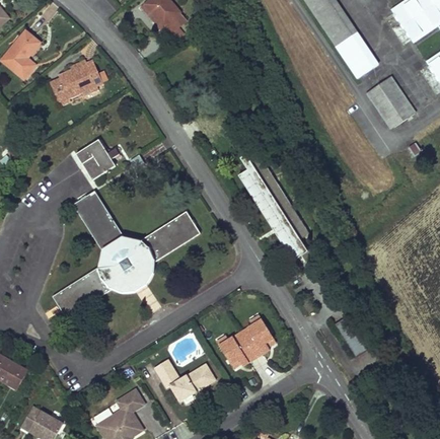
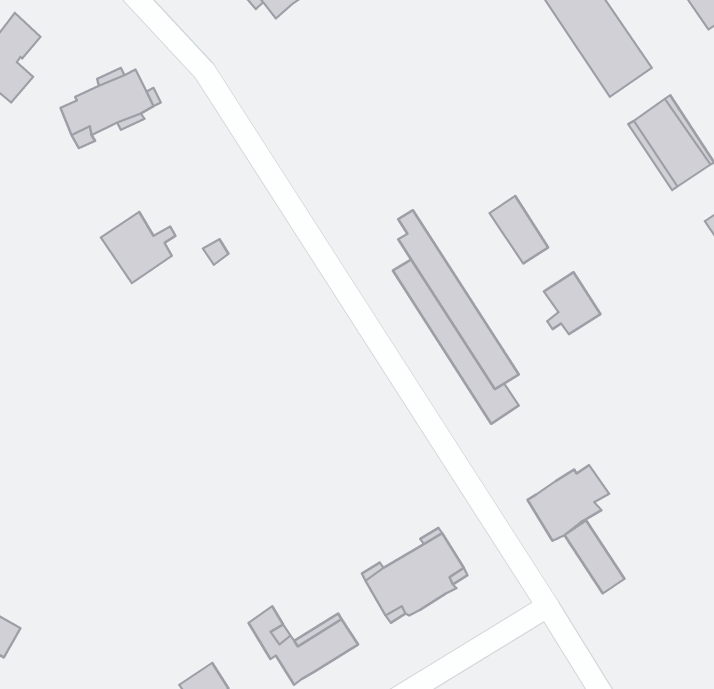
building: none -> [489,196,548,263]
building: none -> [544,272,600,334]
building: [53,191,200,317] -> none
building: none -> [527,465,609,541]

